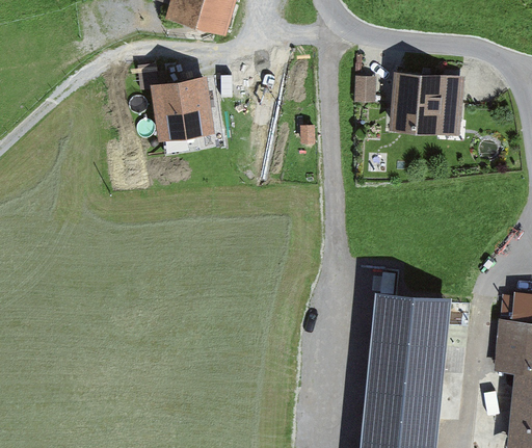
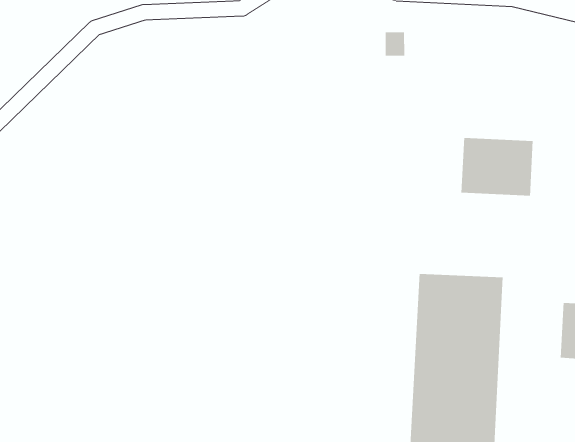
building: [395,76,461,131] -> [460,137,534,196]
building: [153,83,209,136] -> none

